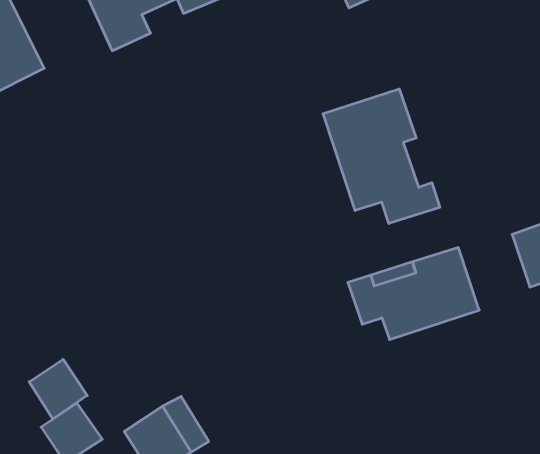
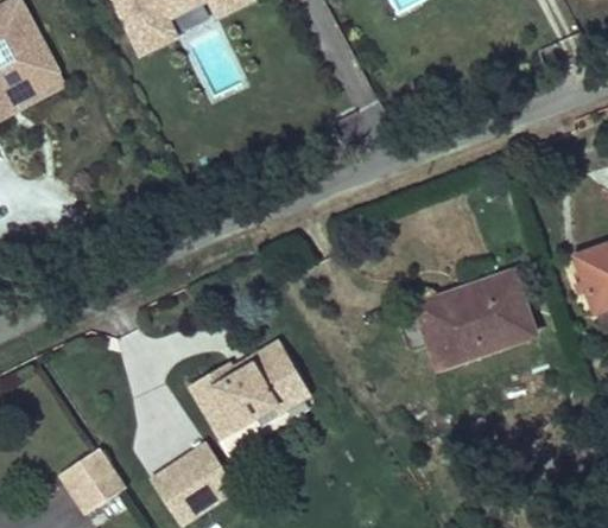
building: [323,89,440,224] -> none
building: none -> [190,343,315,432]
building: [29,359,87,419] -> none

